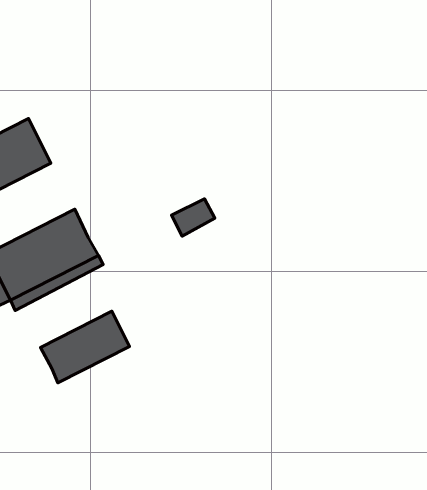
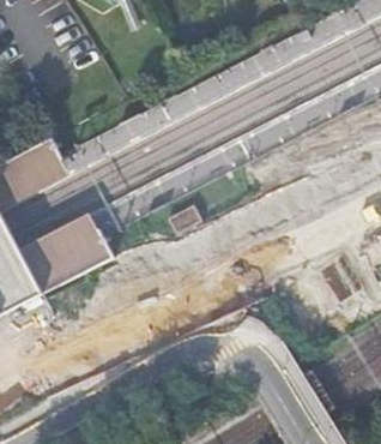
building: [40,311,129,383] -> none

